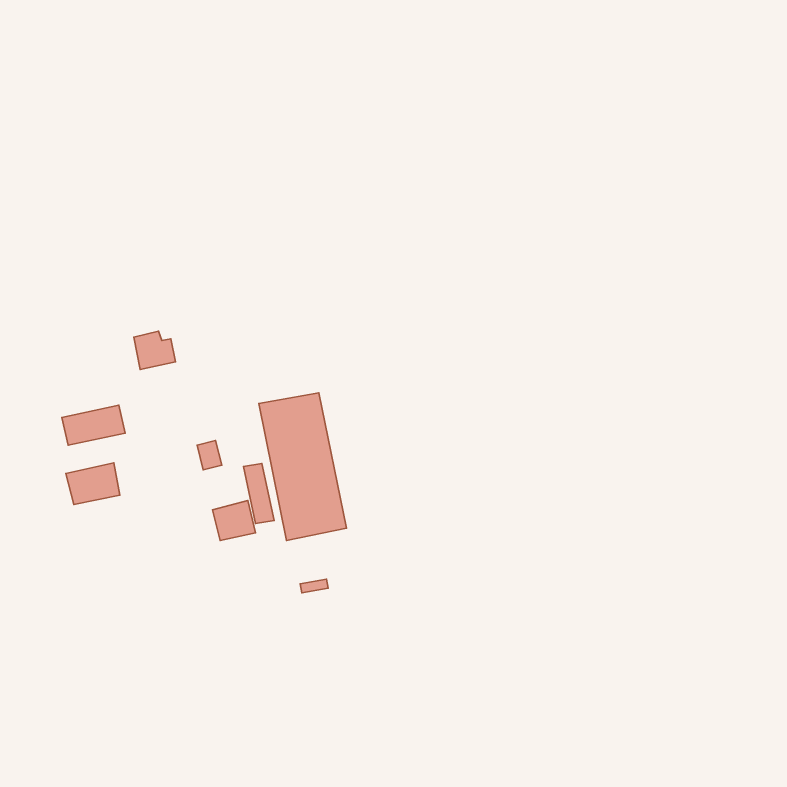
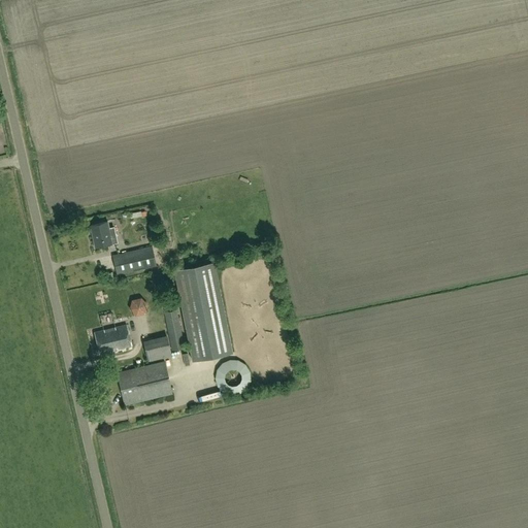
building: [62,405,125,445] -> [112,248,155,274]
building: [66,463,120,504] -> [94,325,130,353]
building: none -> [117,363,171,405]

